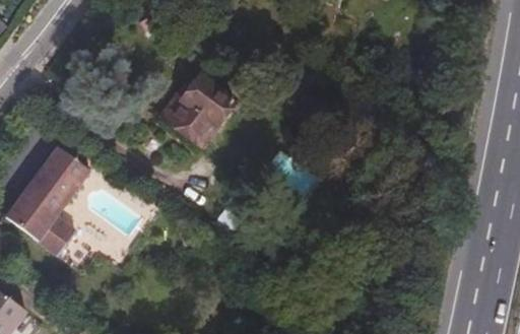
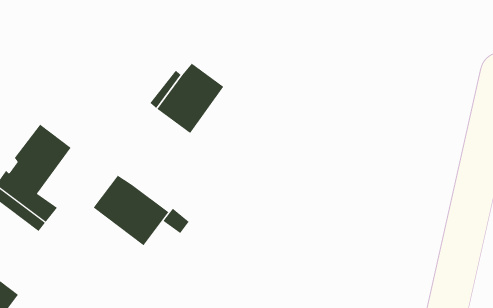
building: none -> [93,175,169,246]

